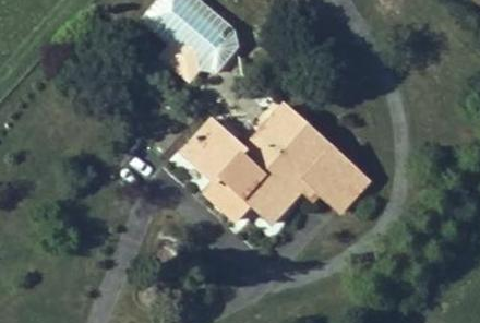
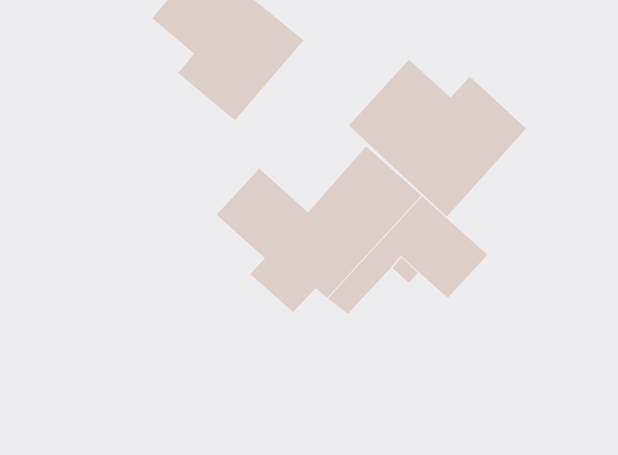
building: none -> [348,59,527,218]

